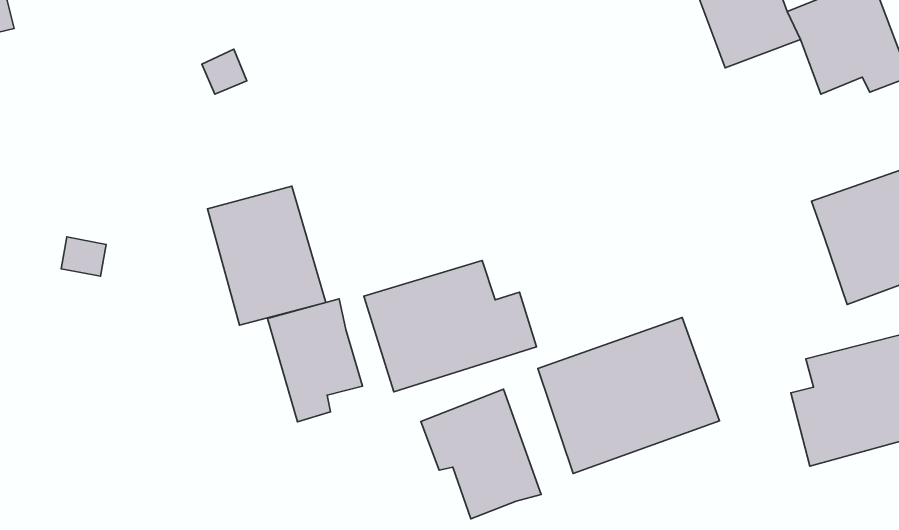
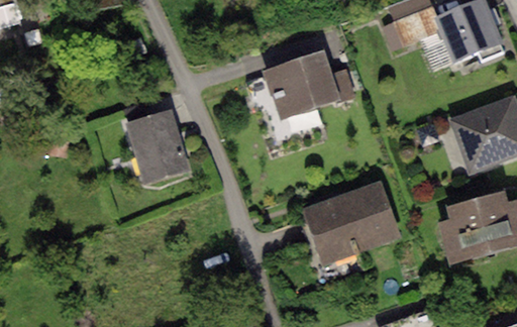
building: [364,260,536,392] -> [262,51,354,122]
building: [267,299,362,422] -> none
building: [421,389,541,519] -> none

